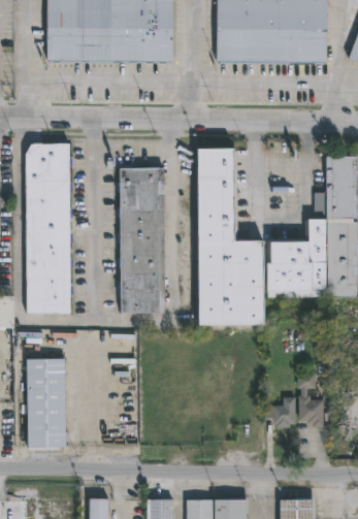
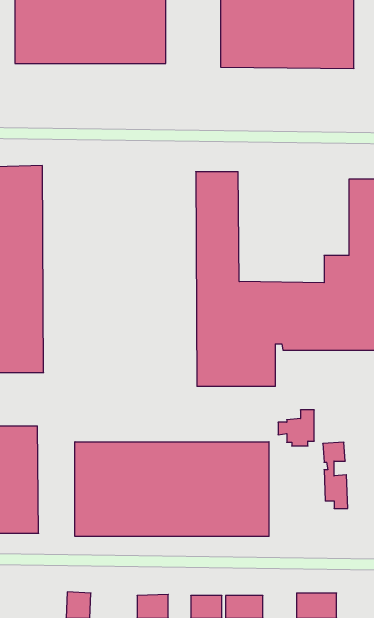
building: [116,167,166,311] -> none
building: none -> [75,442,269,536]
building: [269,397,299,427] -> [278,410,314,446]

